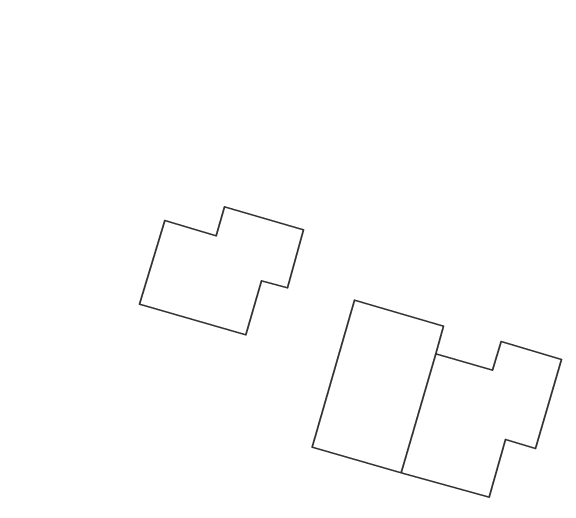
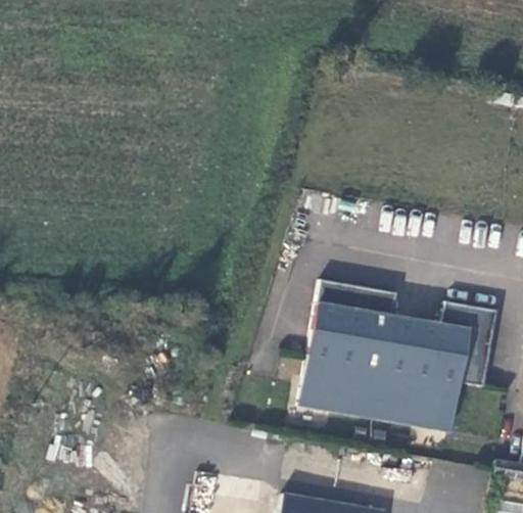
building: [140,207,304,335] -> none

